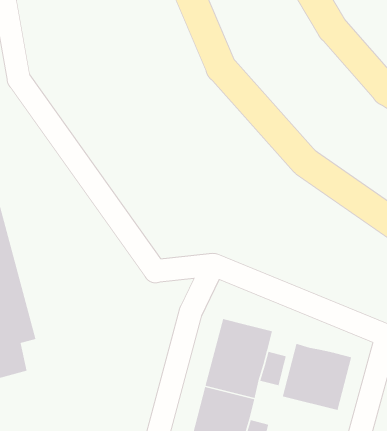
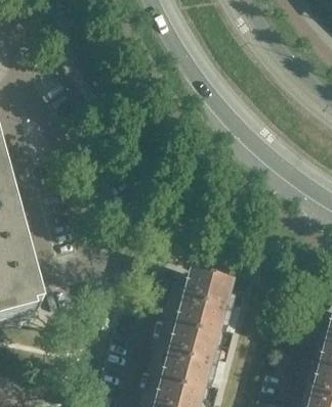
building: [282,343,352,411] -> none

